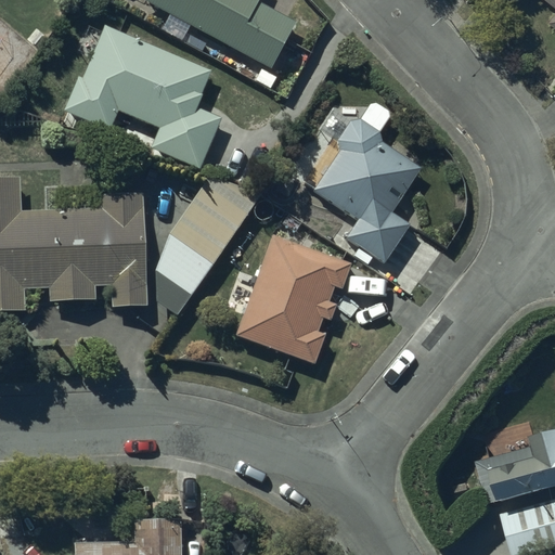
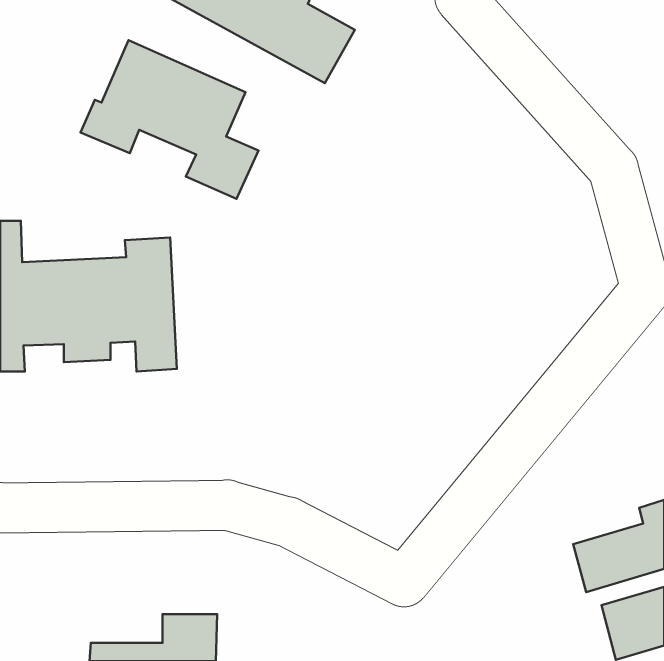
building: [318,105,420,266] -> none
building: [155,165,257,309] -> none
building: [235,237,350,367] -> none

